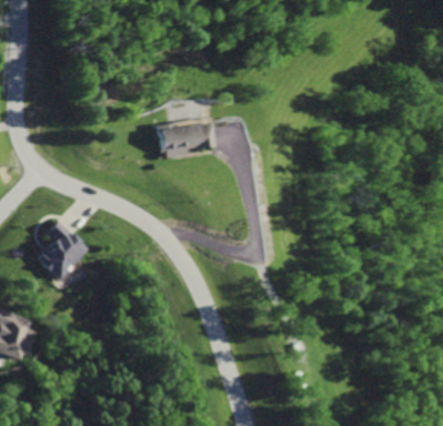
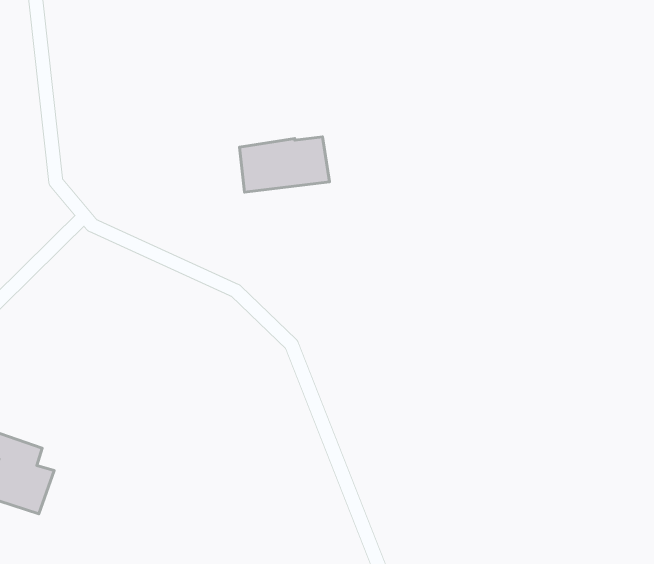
building: [40,220,91,280] -> none

